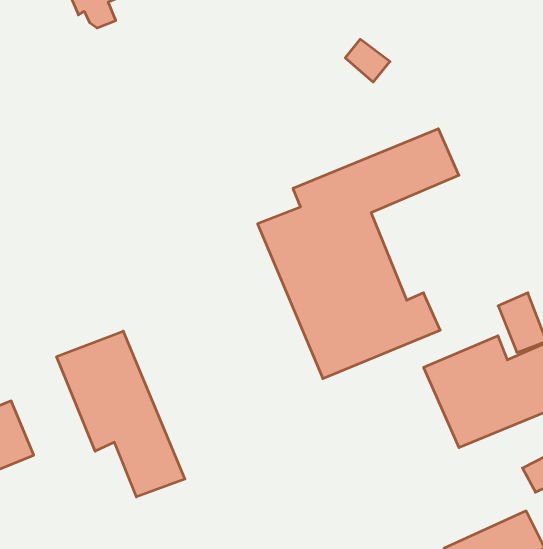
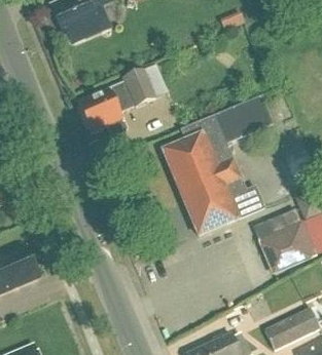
building: none -> [79,68,154,134]
building: [57,331,185,497] -> none

